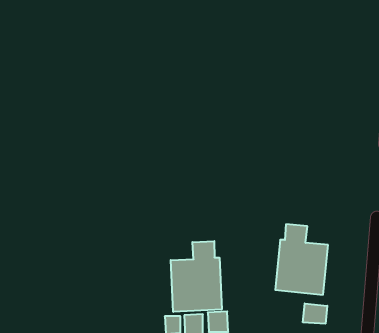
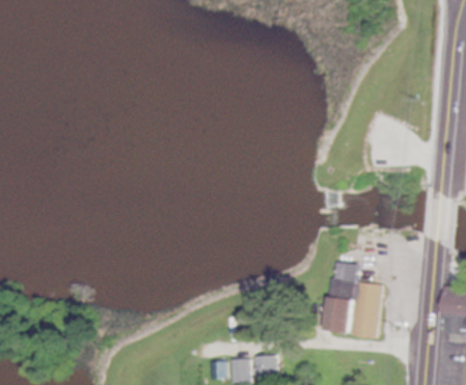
building: [171,241,222,312] -> none
building: [303,303,327,324] -> none

